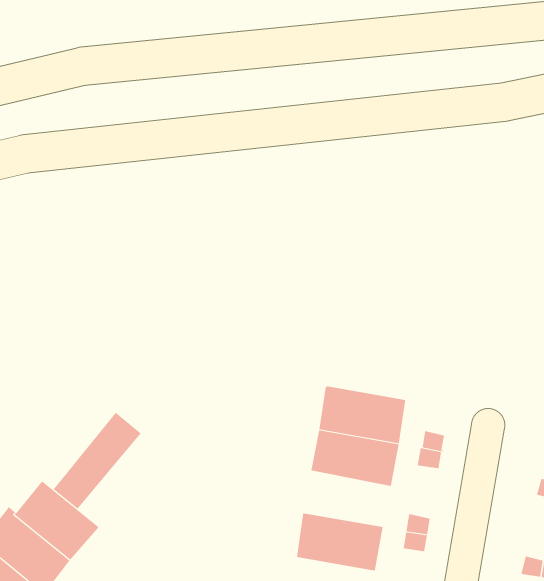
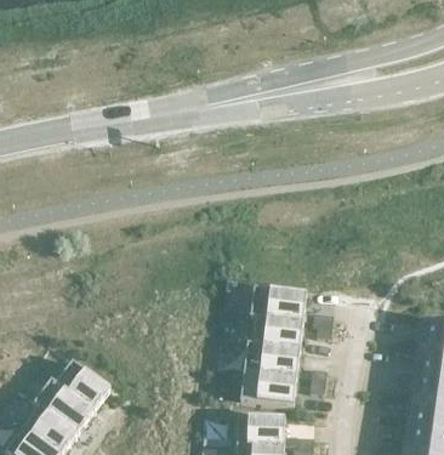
building: [53,412,142,510] -> none
building: none -> [243,341,300,375]

